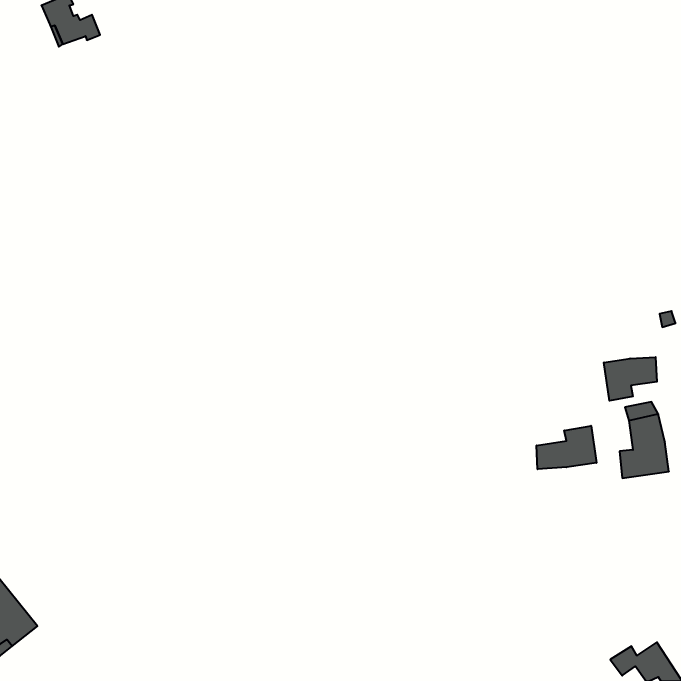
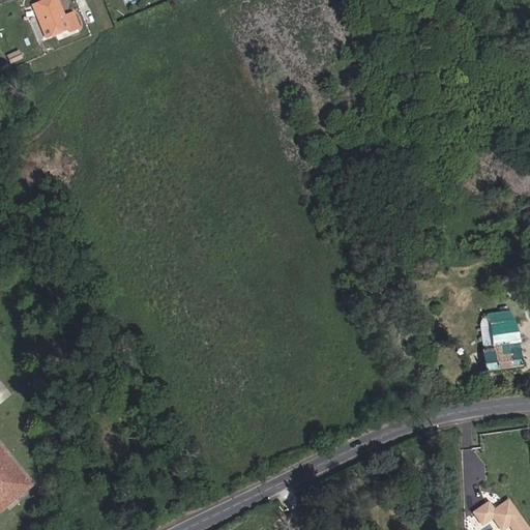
building: [604,357,657,401] -> none
building: [537,426,596,469] -> none

